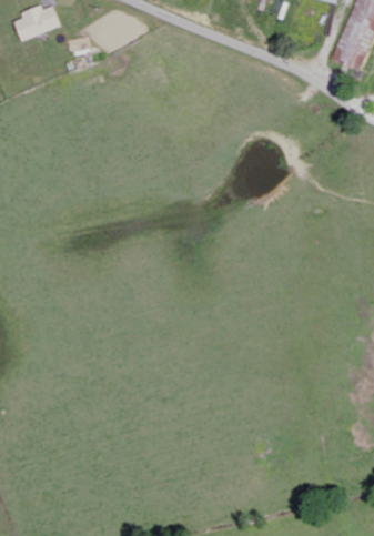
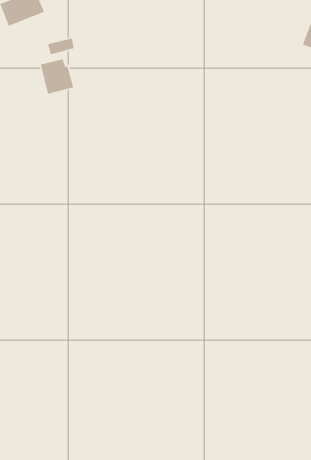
building: none -> [40,59,74,94]

